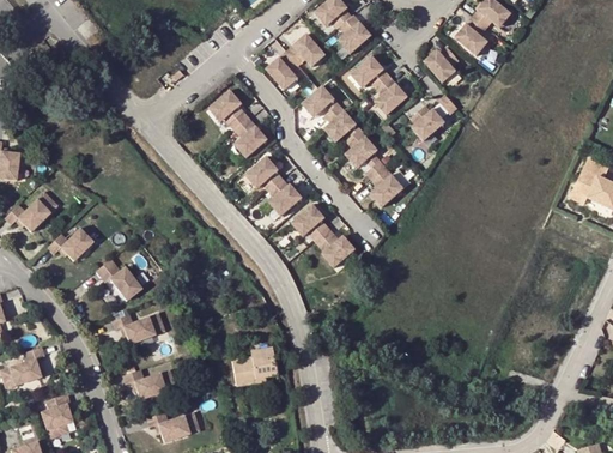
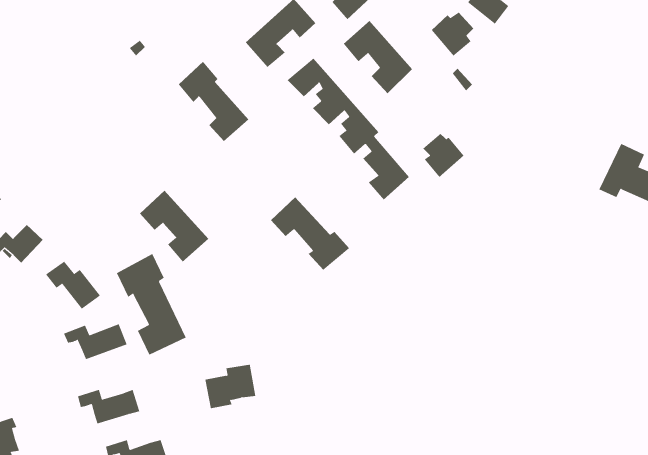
building: [409,103,445,141] -> [422,133,464,178]
building: [242,155,302,217] -> [139,190,209,263]
building: none -> [116,253,187,355]

